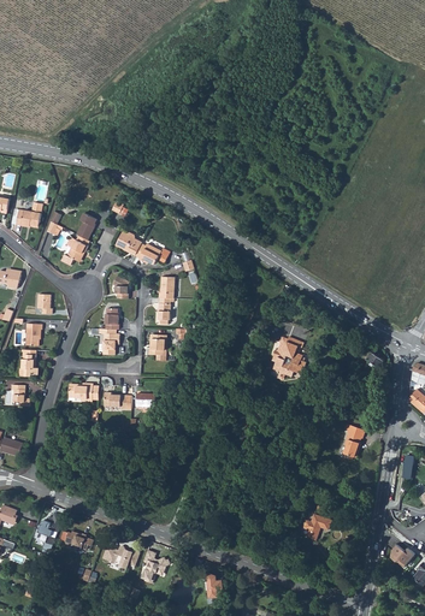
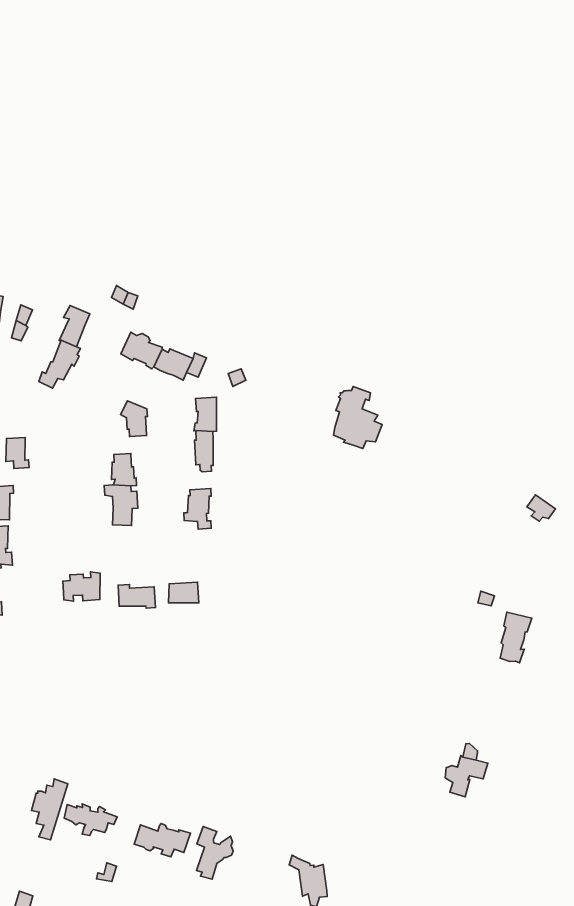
building: [273,337,305,377] -> [333,386,382,448]

